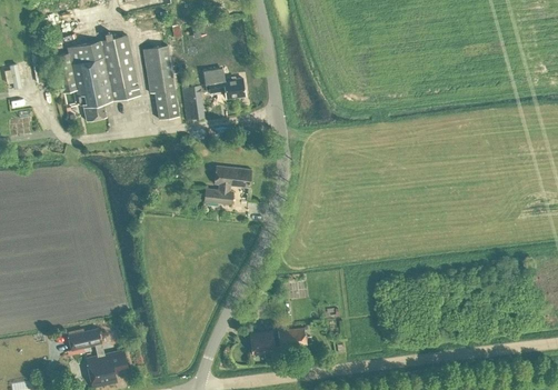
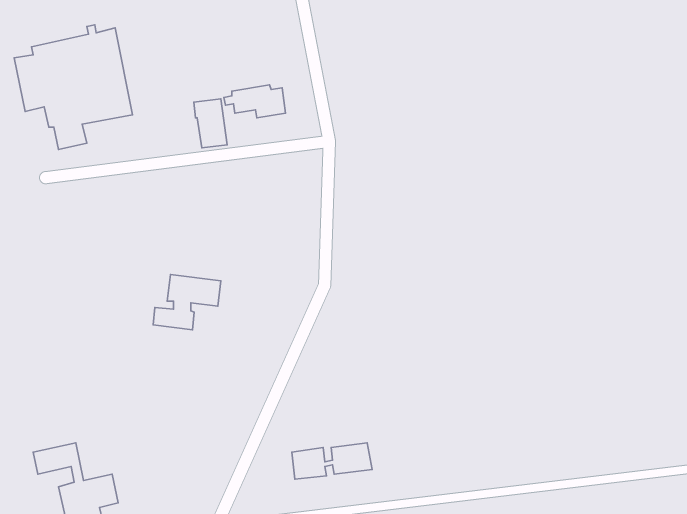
building: [141,44,177,119] -> none
building: [203,164,251,203] -> [153,274,221,330]

